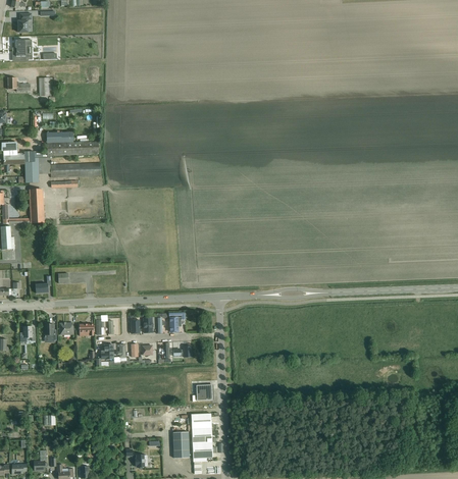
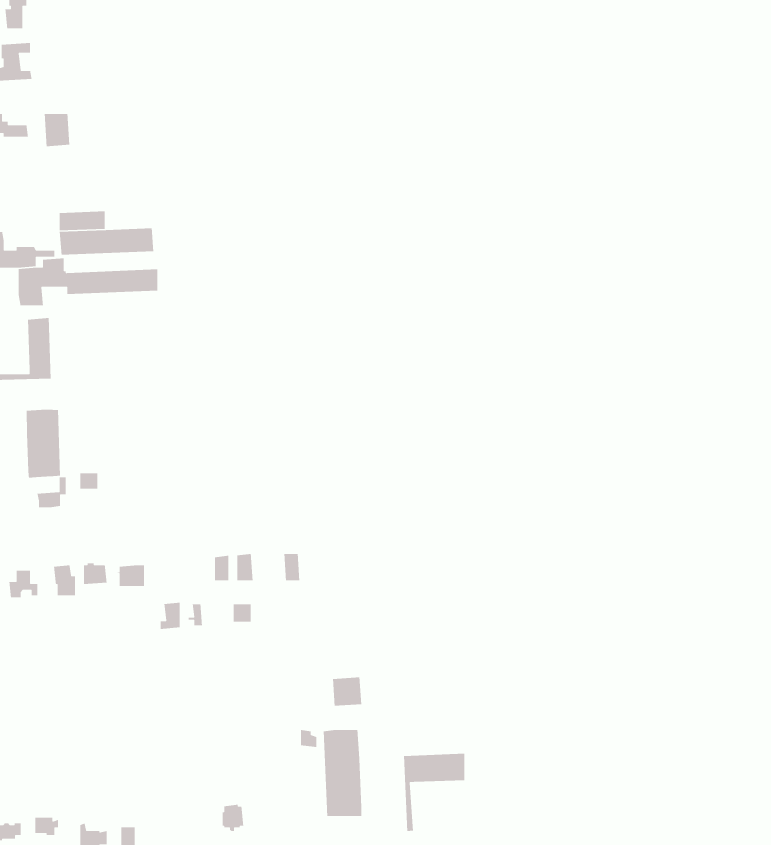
building: none -> [26,409,61,478]
building: none -> [403,753,465,832]
building: [173,431,190,458] -> none

